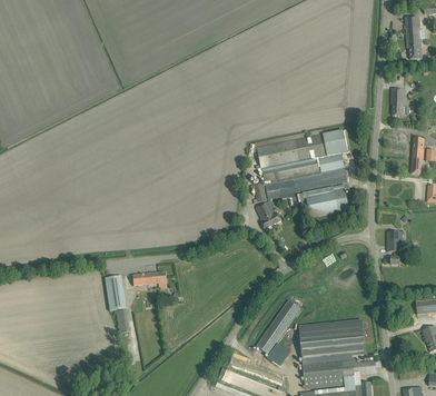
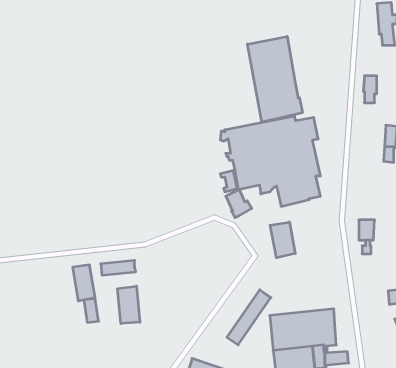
building: none -> [247,36,302,122]
building: none -> [270,222,295,258]
building: none -> [118,286,140,324]

